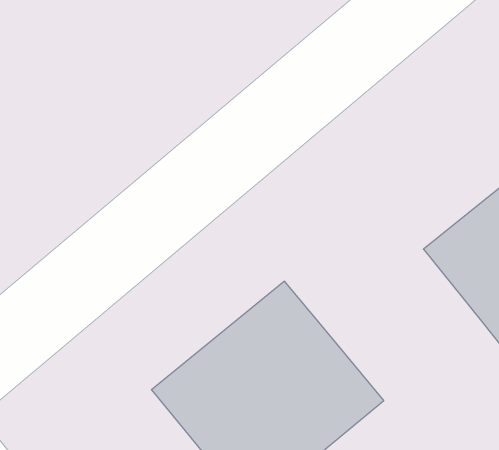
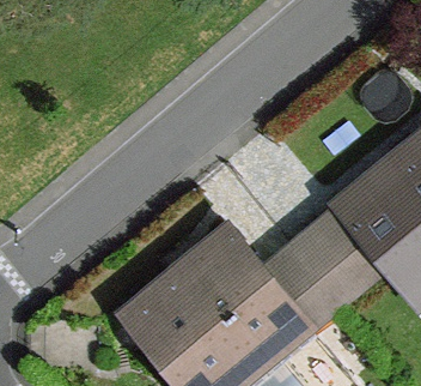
building: none -> [266,205,388,324]

